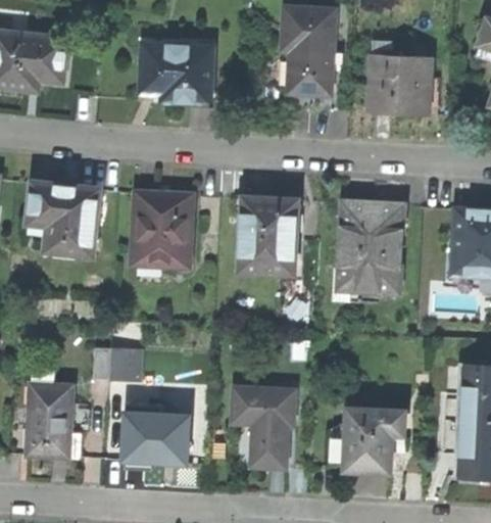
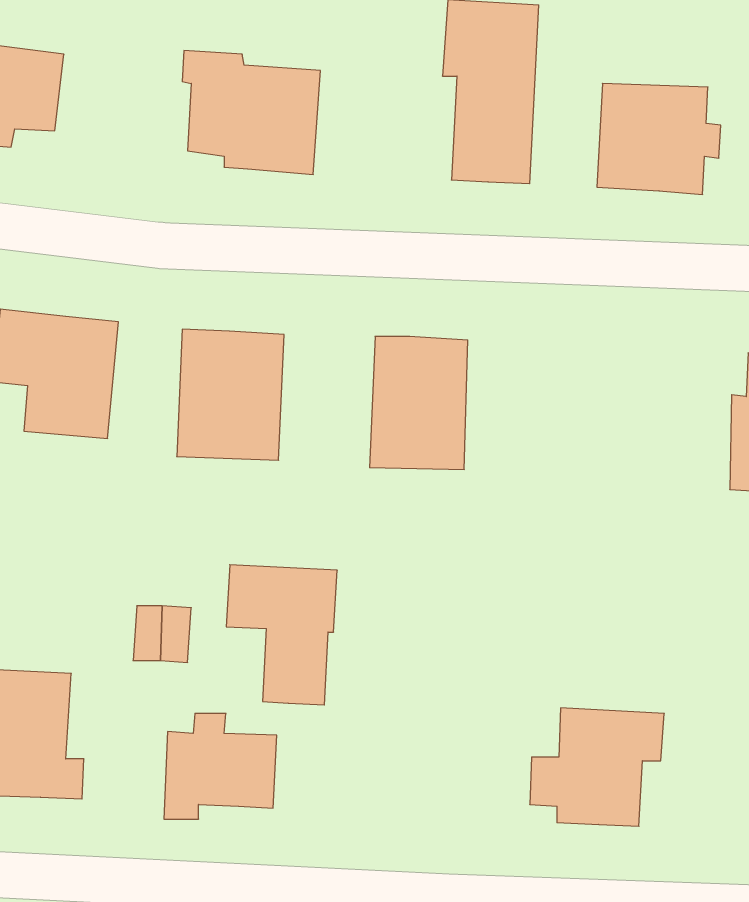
building: [332,199,403,300] -> none
building: [232,387,294,466] -> [226,565,337,705]

